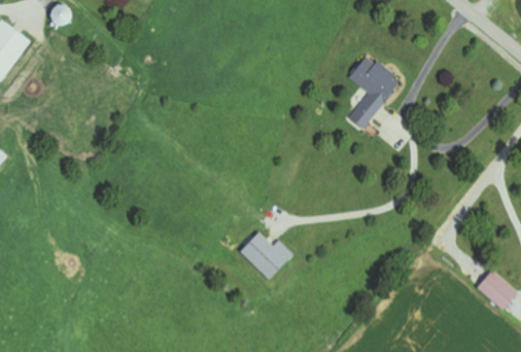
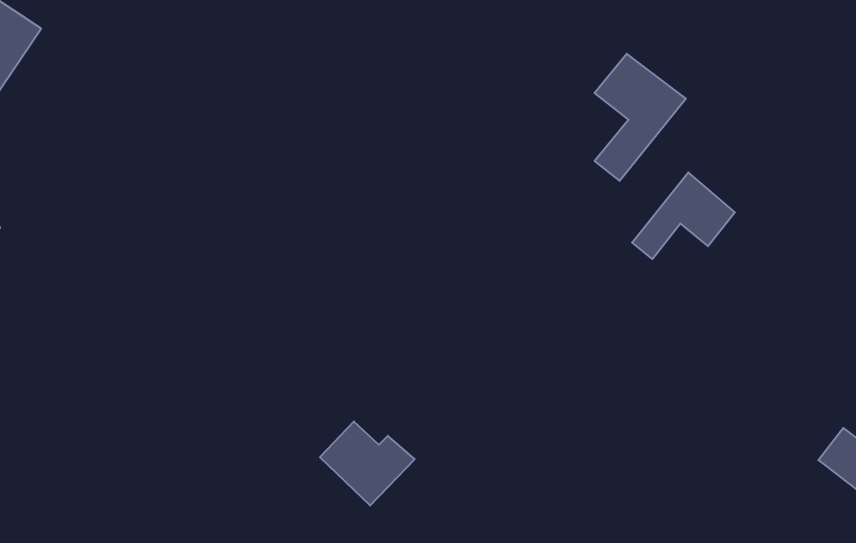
building: none -> [632,172,735,259]
building: [239,231,293,279] -> [320,421,415,506]

